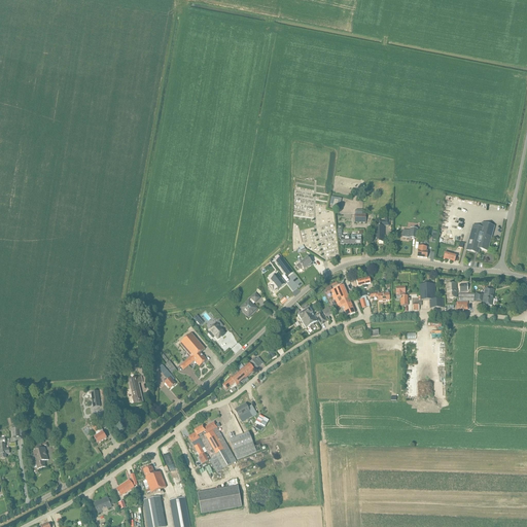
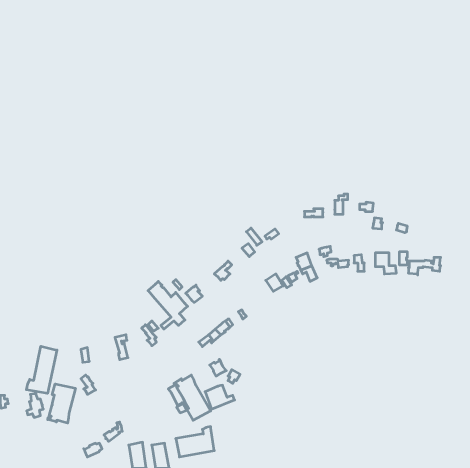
building: [465,221,495,252] -> none
building: none -> [26,346,57,393]
building: none -> [48,384,75,423]
building: [143,464,166,493] -> none

